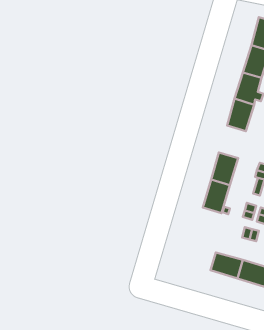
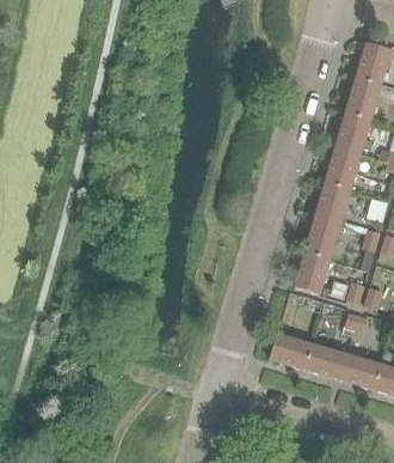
building: none -> [314,181,349,223]
building: none -> [269,333,310,366]

